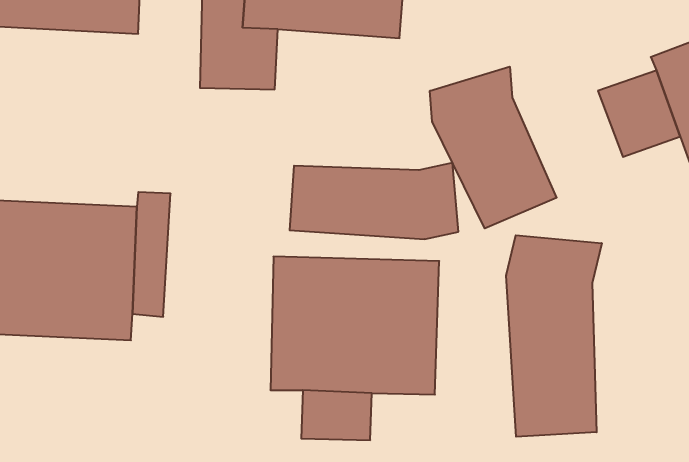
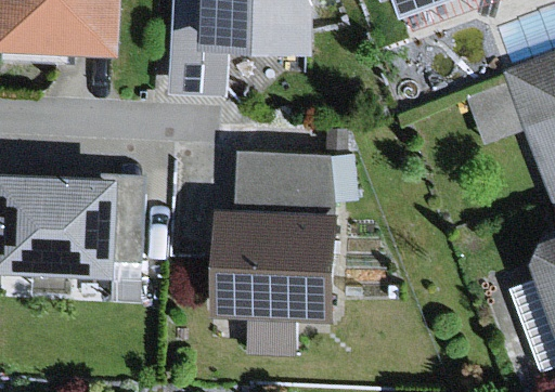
building: [430,67,557,228] -> none
building: [506,235,602,437] -> none

